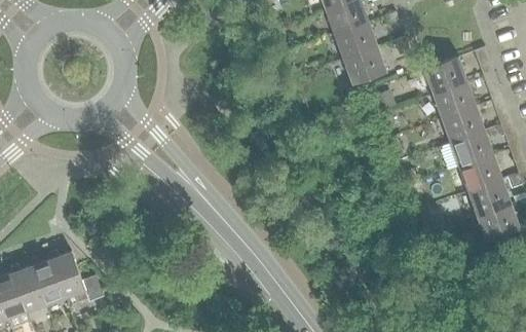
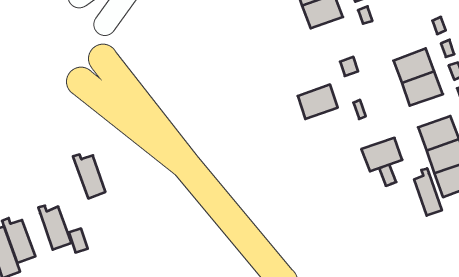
building: [342,47,385,84] -> [298,85,338,119]
building: [422,57,466,95] -> none
building: [449,131,493,167] -> [361,138,402,171]
building: none -> [414,168,442,216]
building: [29,258,64,305] -> [73,155,105,198]

